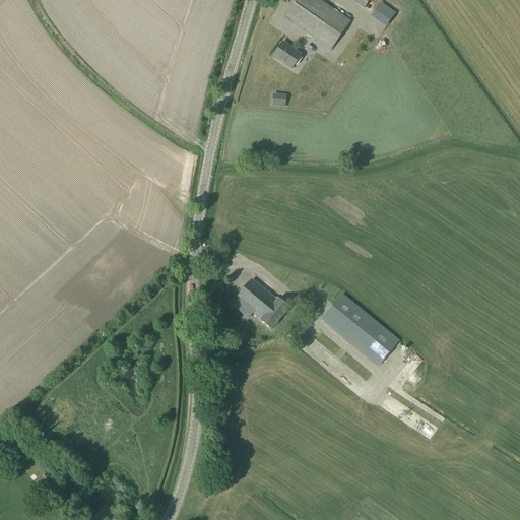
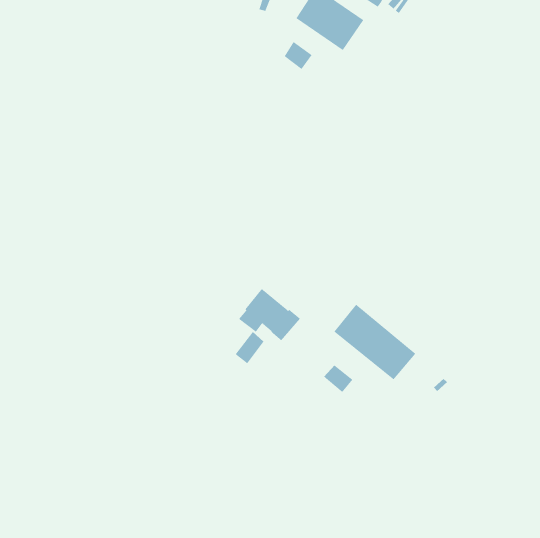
building: none -> [235,331,264,364]
building: none -> [323,365,353,393]

